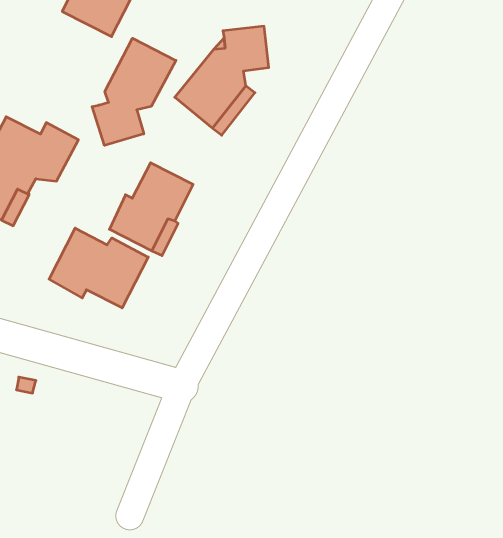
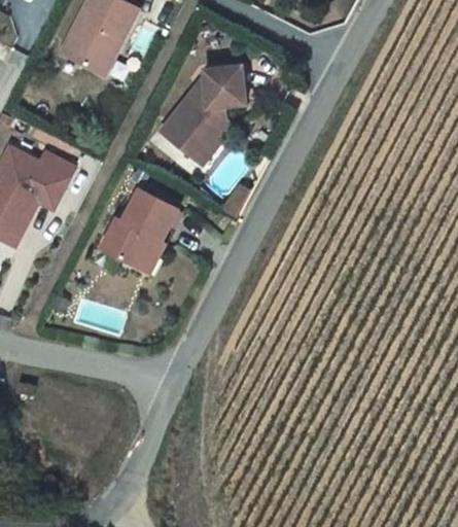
building: [92,38,176,145] -> none
building: [49,228,148,308] -> none

